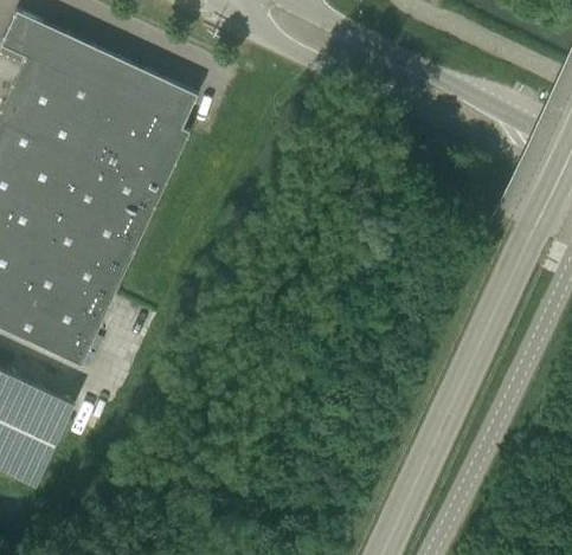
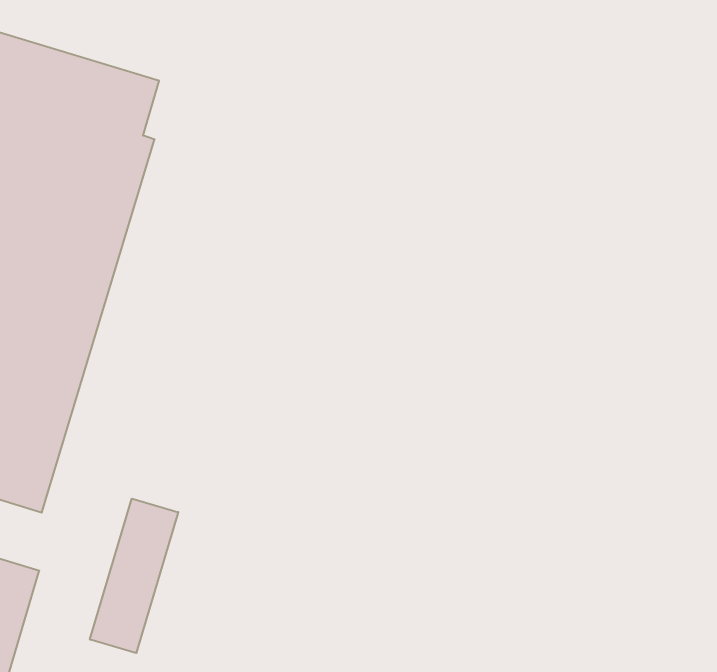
building: none -> [90,499,178,653]

